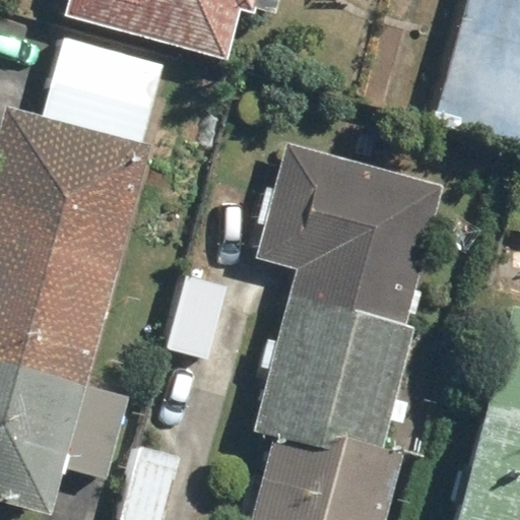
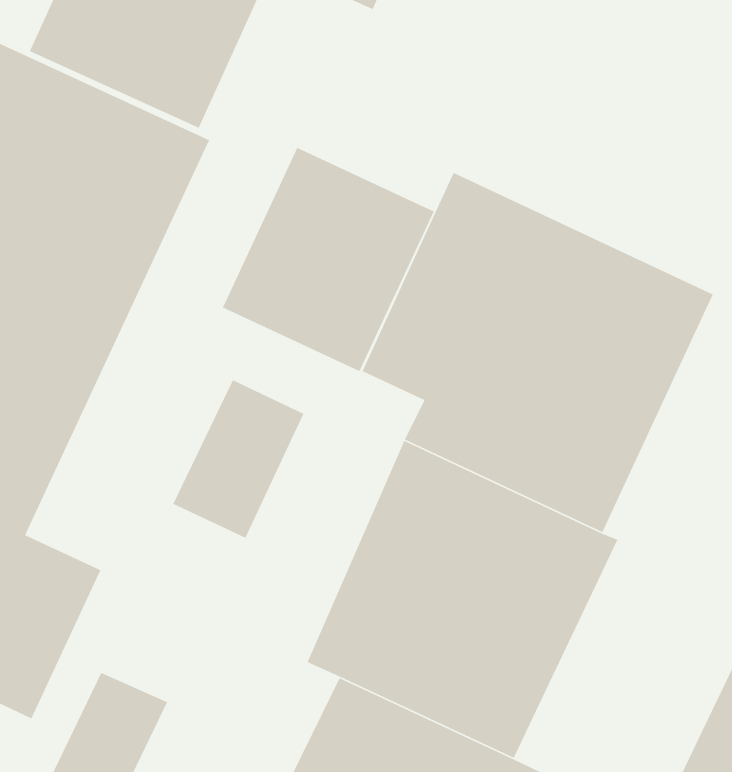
building: none -> [222,147,435,372]

